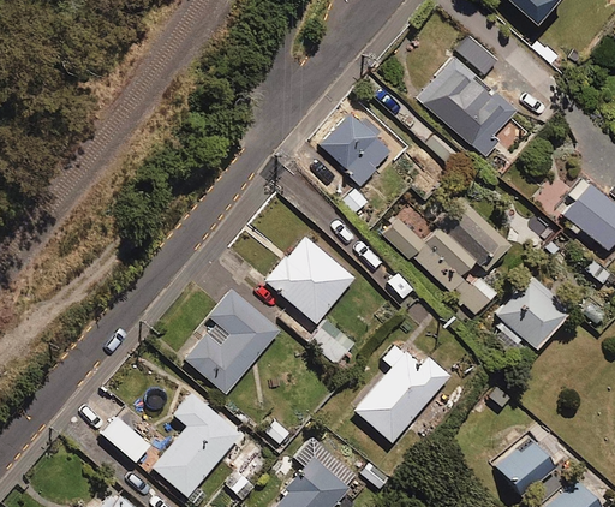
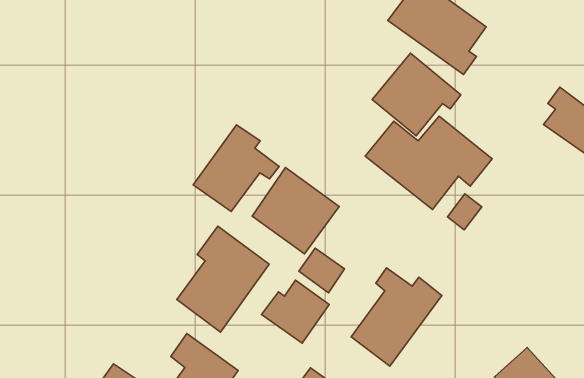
building: [320,100,408,183] -> [372,53,461,136]
building: none -> [193,125,279,212]
building: [495,276,568,363] -> none
building: none -> [261,280,329,343]

